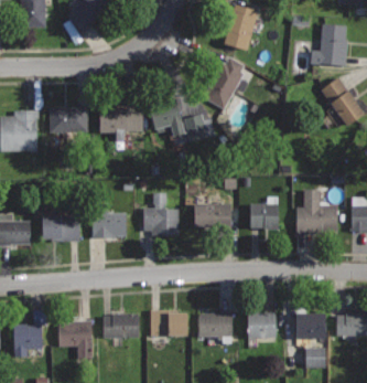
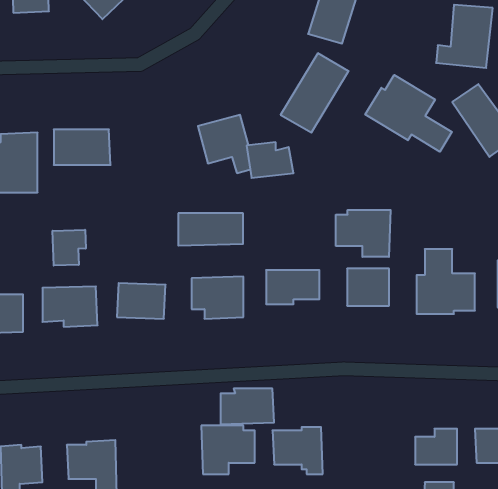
building: none -> [365,75,452,152]
building: [99,111,143,134] -> [178,213,243,246]
building: none -> [336,210,391,257]
building: none -> [53,230,86,266]
building: [247,312,276,339] -> none
building: [102,313,139,338] -> [221,389,274,424]

